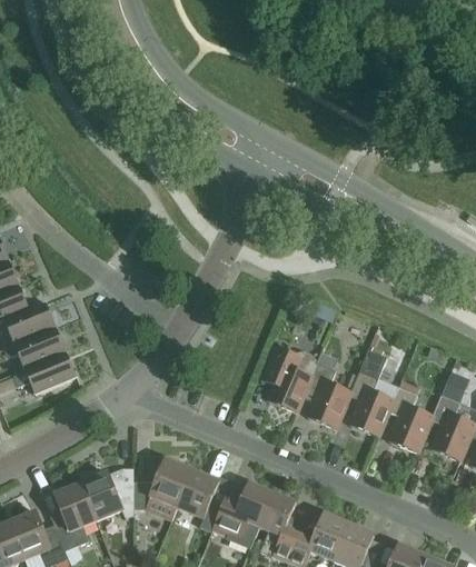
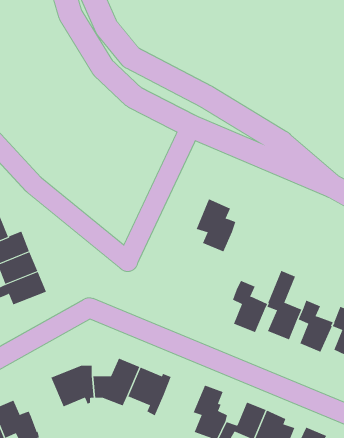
building: [261,345,311,411] -> [196,199,236,252]
building: [211,480,272,545] -> none
building: [50,483,97,549] -> none

